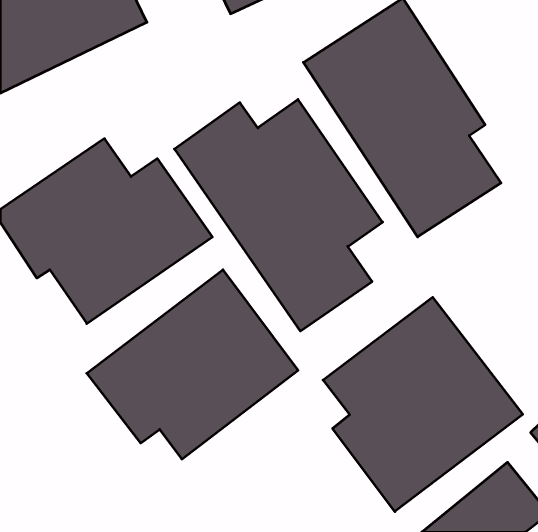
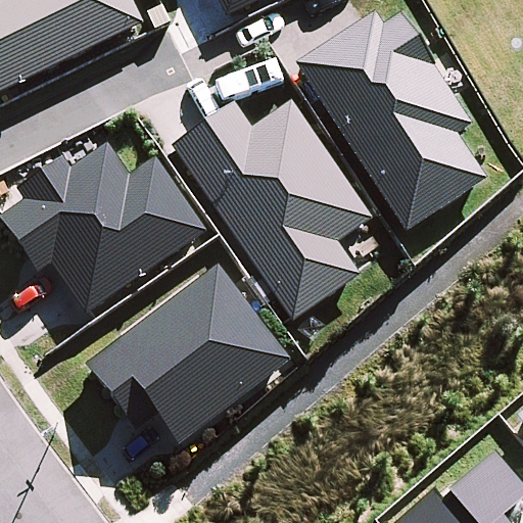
building: [323,297,523,512] -> none

